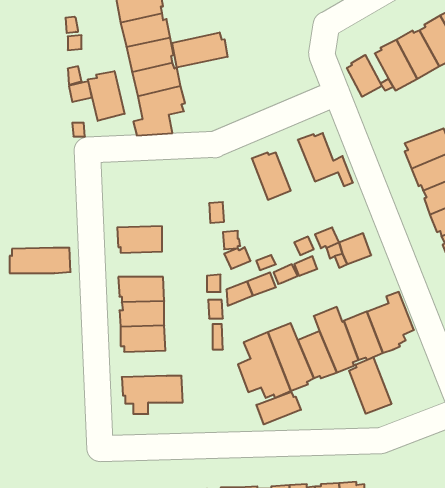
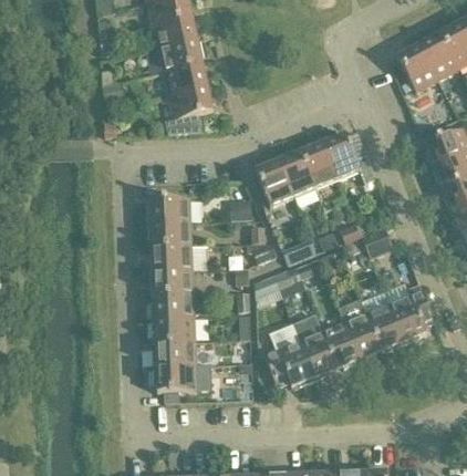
building: [172,32,228,68] -> none
building: [347,55,382,97] -> none
building: [88,71,125,121] -> none
building: none -> [302,138,340,187]
building: none -> [256,156,294,206]
building: none -> [149,197,193,223]
building: [10,248,71,273] -> [151,246,209,270]
building: none -> [154,341,197,366]
building: [349,357,391,414] -> none
building: [256,392,301,424] -> none

